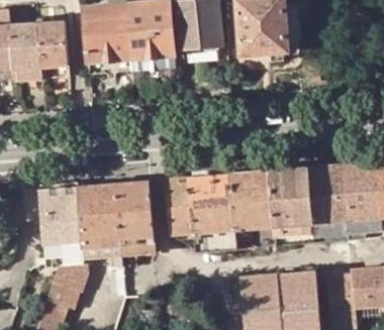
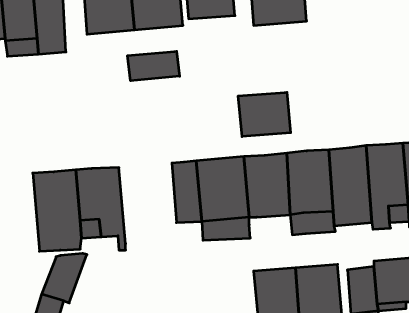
building: none -> [128,51,180,81]
building: none -> [238,92,291,137]
building: [117,181,157,253] -> none

